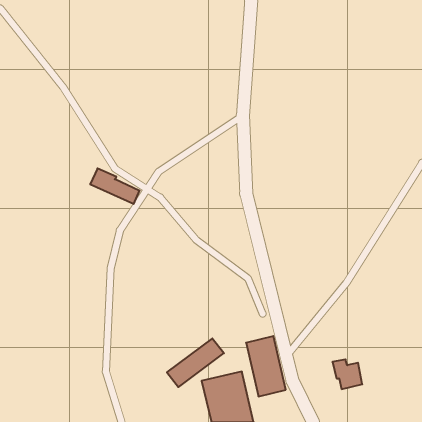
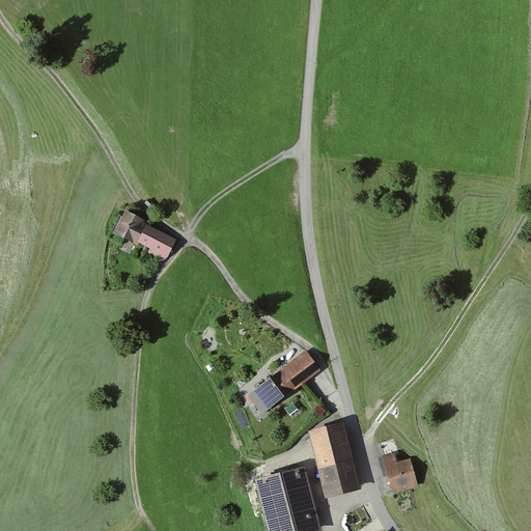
building: [167,338,224,387] -> [248,352,319,413]
building: [332,359,362,389] -> [379,454,416,492]

